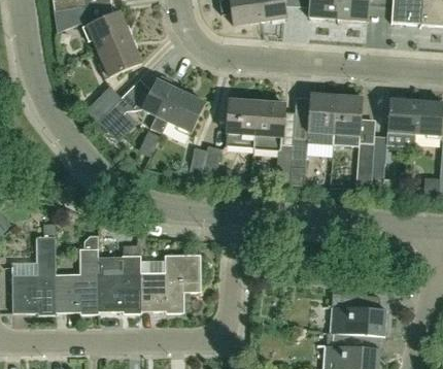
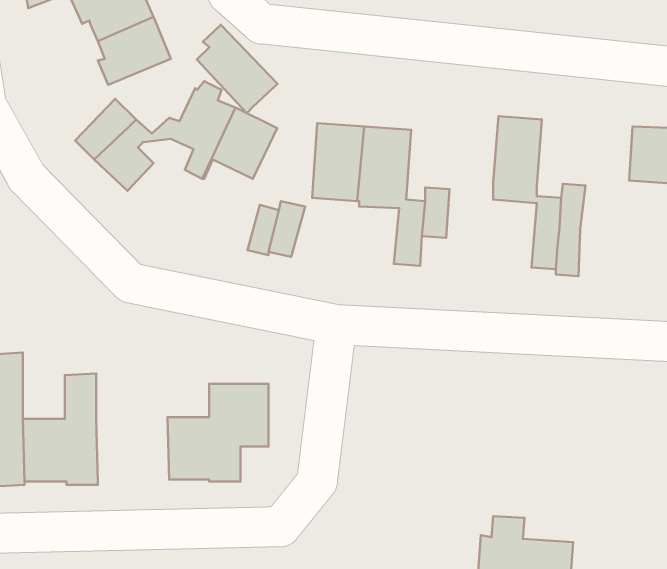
building: none -> [197,25,277,113]
building: [307,94,336,135] -> none
building: [387,100,415,147] -> none
building: [98,256,141,313] -> none
building: [331,292,387,336] -> none

